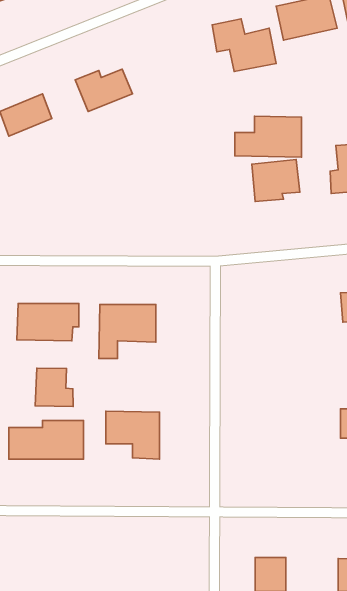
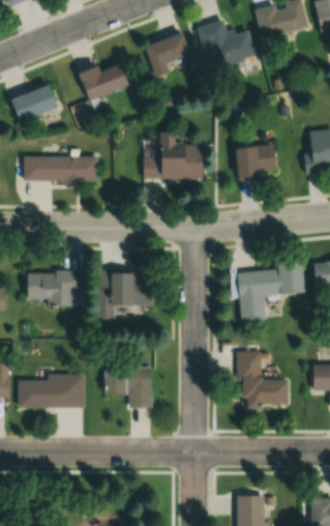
building: none -> [145,32,190,77]
building: [235,116,301,157] -> [143,142,202,178]
building: none -> [16,160,91,187]
building: none -> [237,265,303,320]
building: [35,368,73,407] -> none
building: none -> [238,350,288,406]

